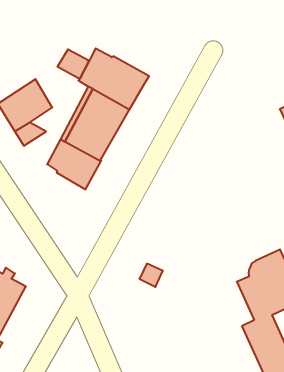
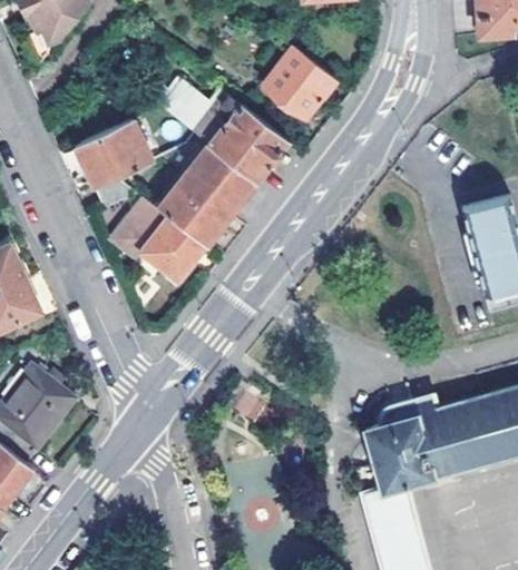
building: none -> [264,45,336,117]

